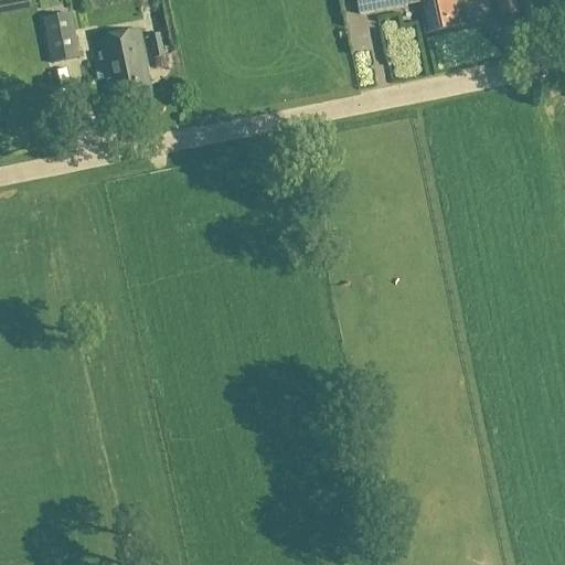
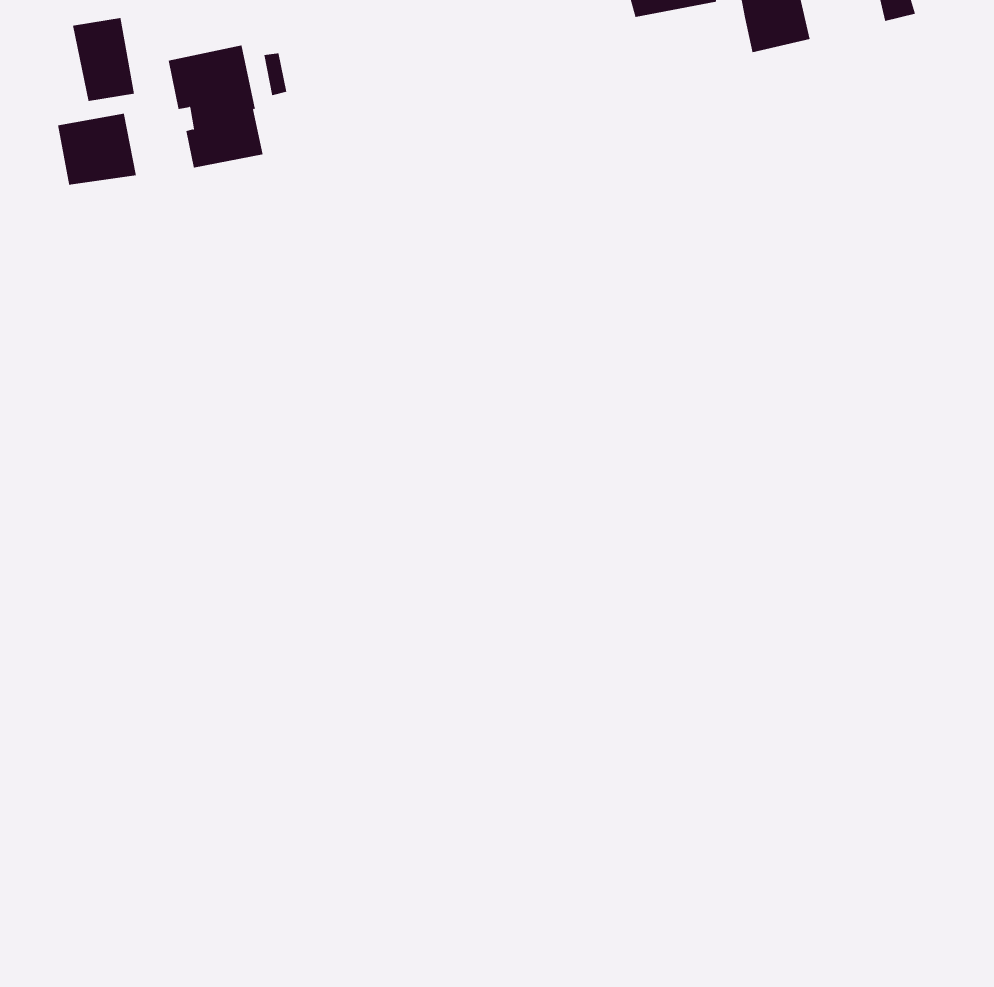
building: none -> [57,113,136,185]

